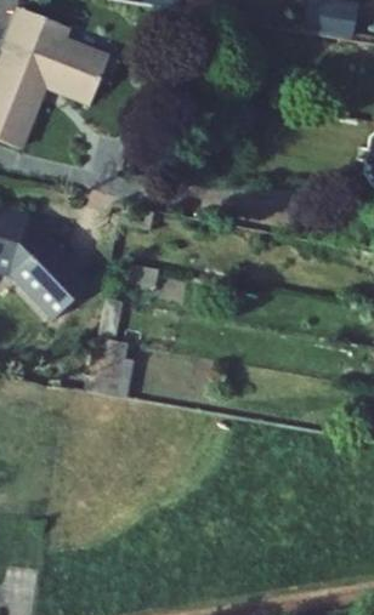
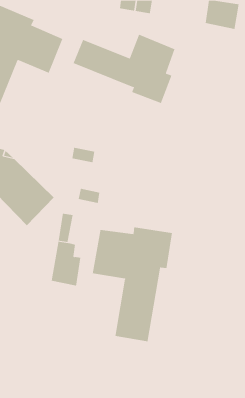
building: none -> [73,34,175,104]
building: none -> [92,226,172,342]

